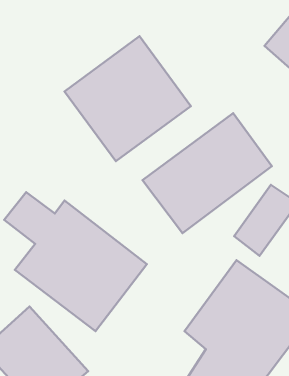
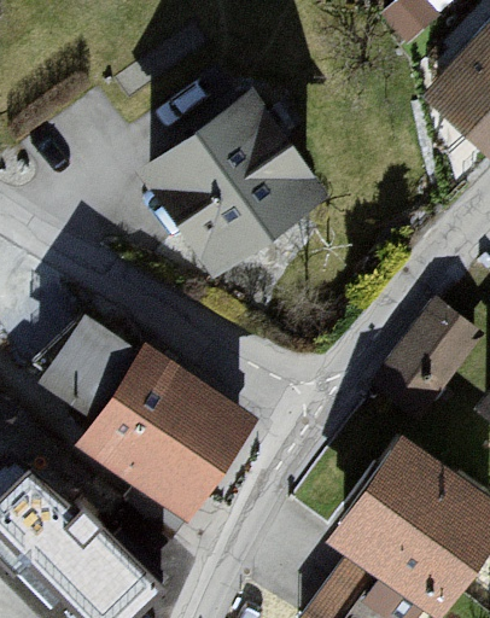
building: [143,113,272,233] -> none

